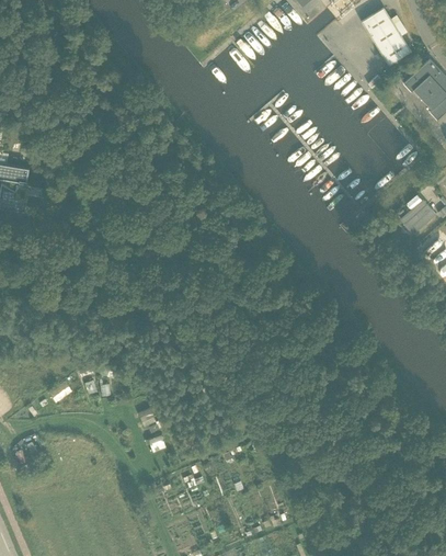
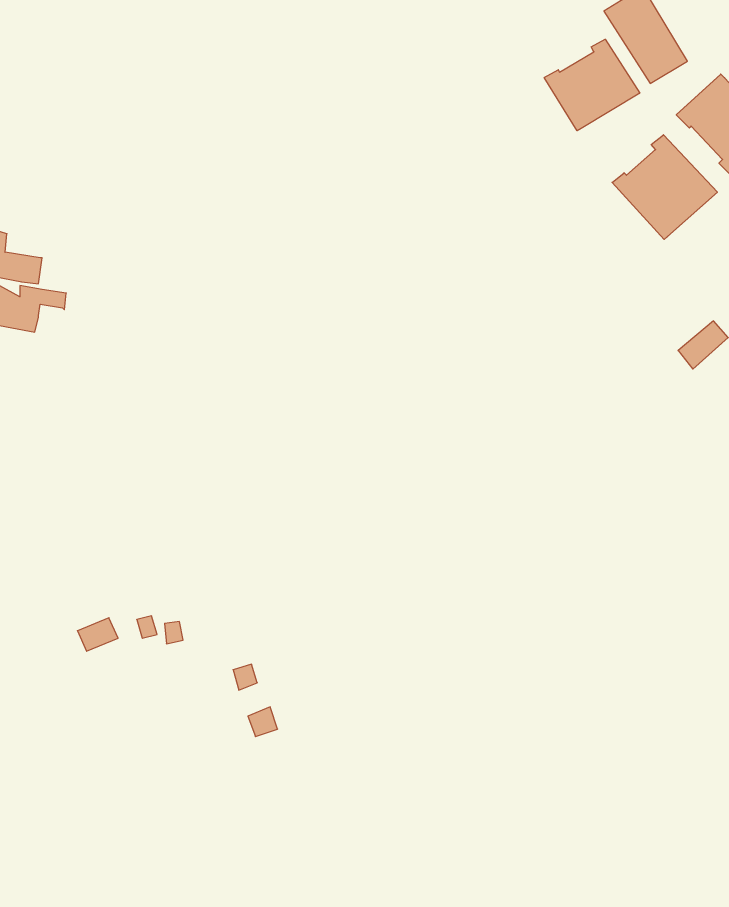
building: none -> [544,39,640,131]
building: none -> [612,135,717,239]

